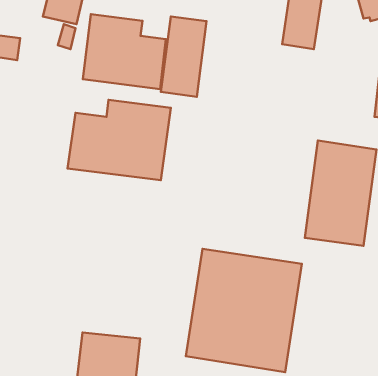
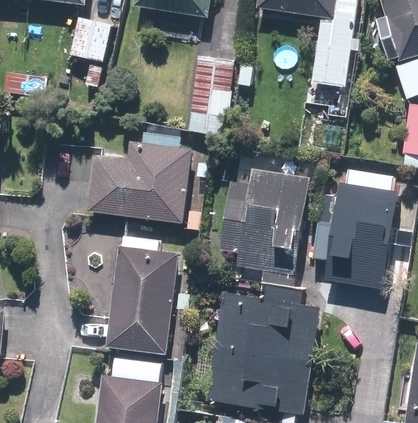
building: [83,14,166,89] -> none
building: none -> [220,165,313,274]
building: none -> [107,244,178,353]

